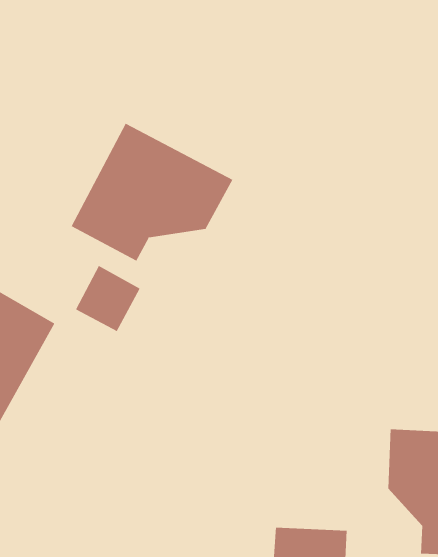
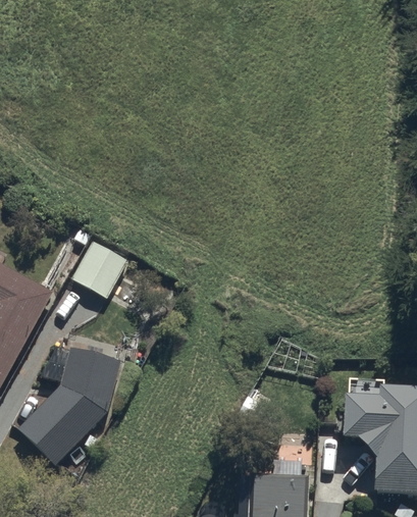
building: [71,123,233,262] -> none
building: none -> [14,348,121,469]

